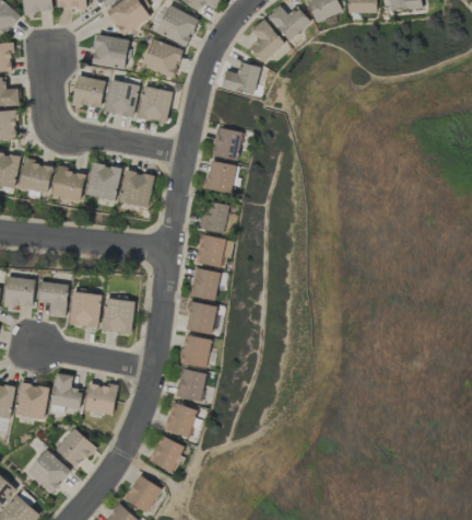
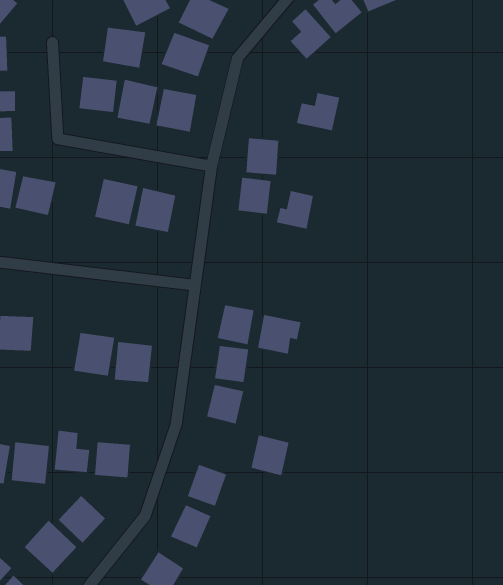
building: [222,62,259,95] -> [296,92,340,131]
building: [51,167,86,201] -> none
building: [197,201,228,234] -> [276,190,314,229]
building: [194,234,232,268] -> [257,314,301,355]
building: [38,281,69,319] -> none
building: [174,368,206,403] -> [250,434,290,476]

